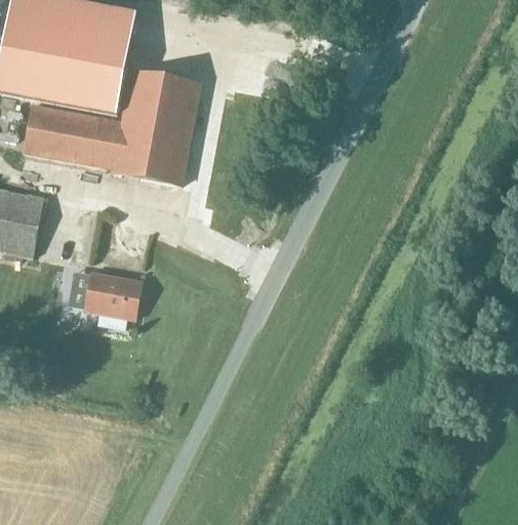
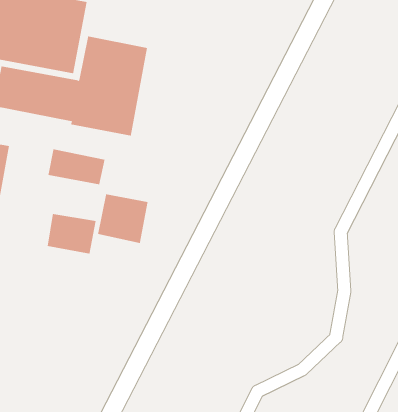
building: none -> [48,148,105,185]
building: none -> [98,194,148,244]

